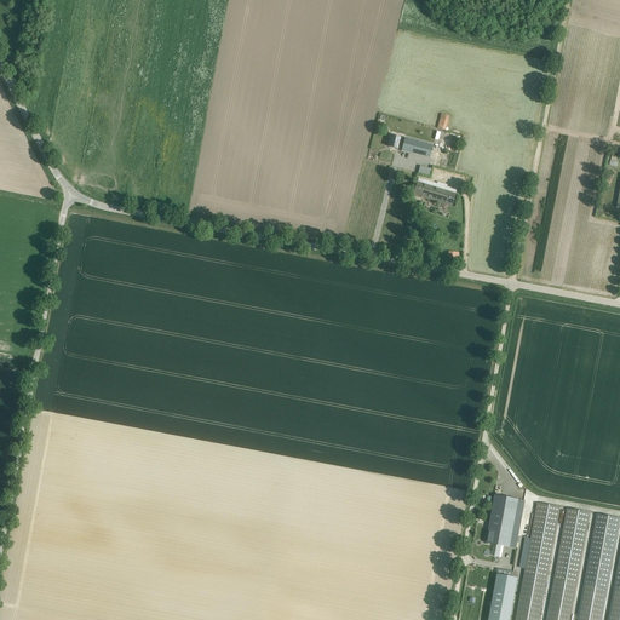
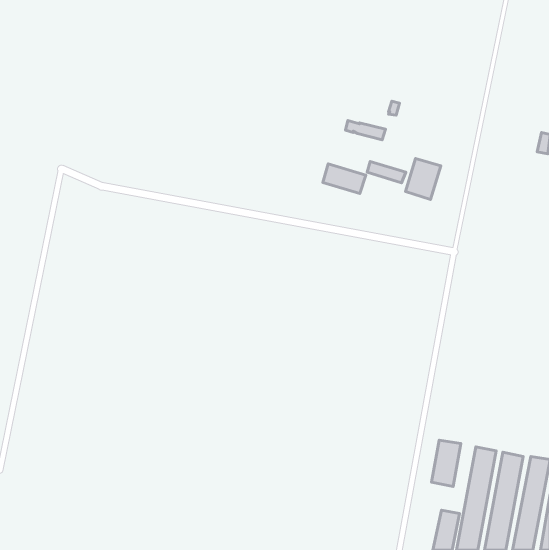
building: none -> [406,159,441,200]
building: none -> [323,164,366,194]

